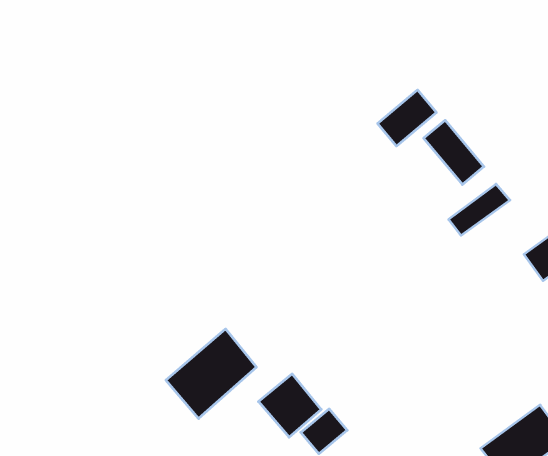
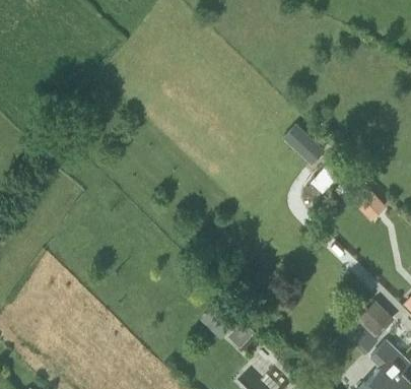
building: [378,90,436,146] -> none
building: [166,329,256,419] -> none

